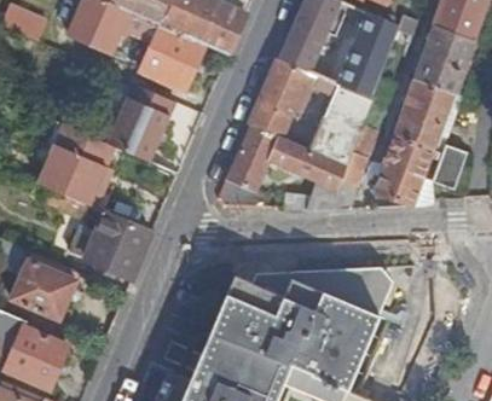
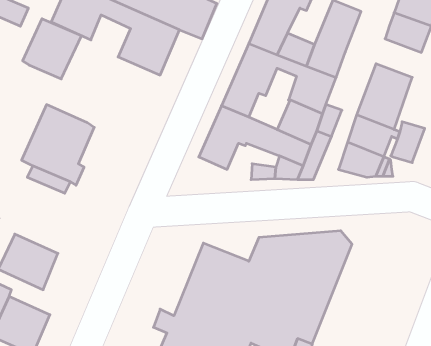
building: [415,54,463,95] -> none
building: [108,99,170,163] -> [23,19,82,79]
building: [71,214,151,281] -> none

